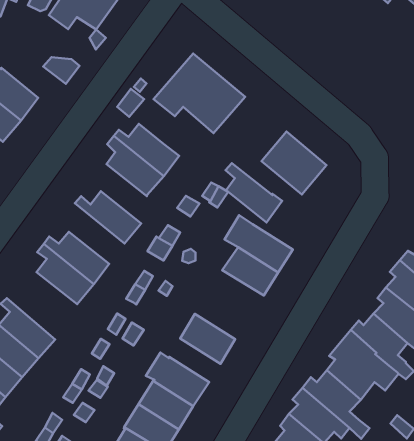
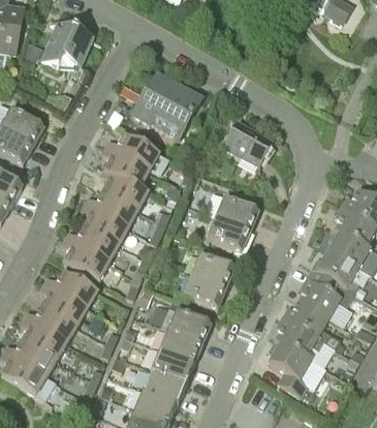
building: [225,163,282,222] -> [100,169,148,210]
building: none -> [82,203,128,245]
building: none -> [44,271,97,310]
building: none -> [191,253,233,287]

